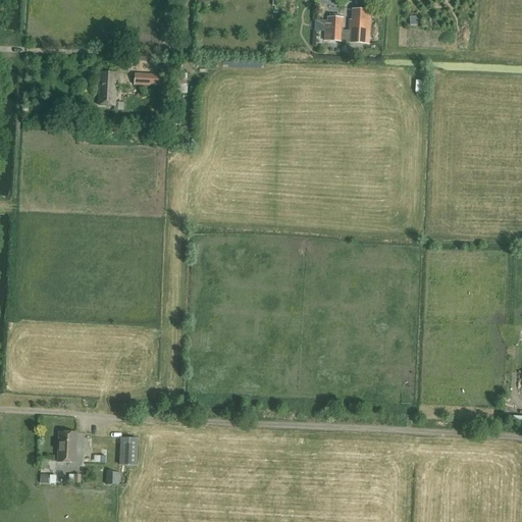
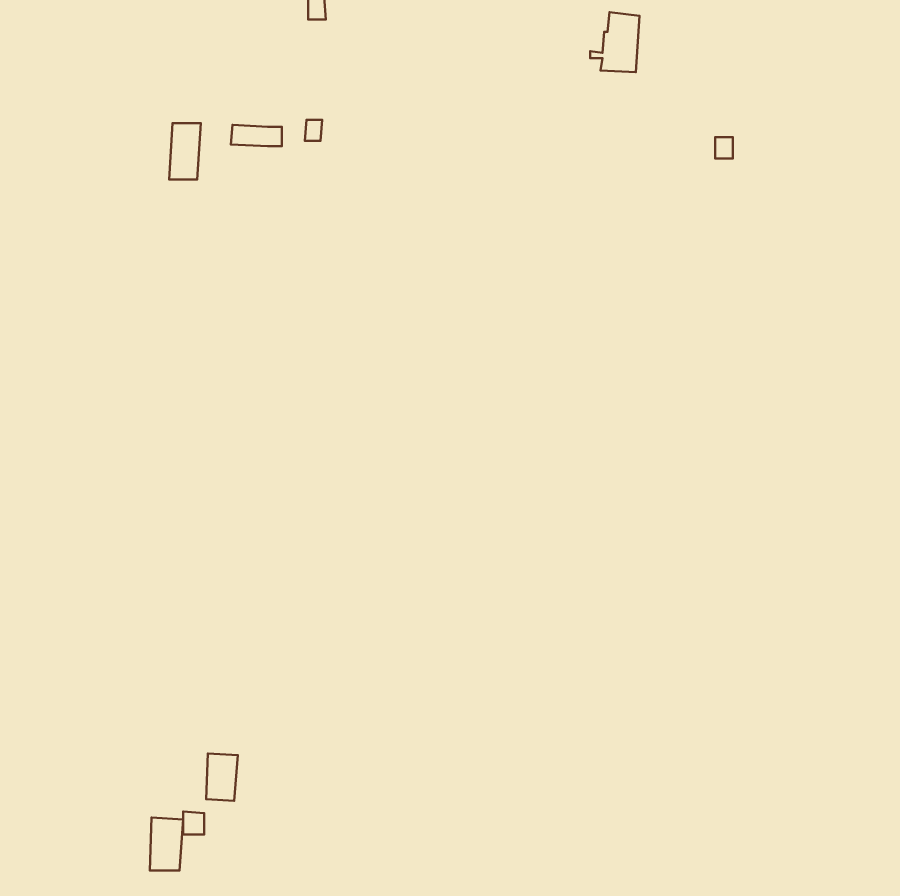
building: [324,15,343,40] -> none
building: [57,430,76,461] -> [150,818,183,870]

